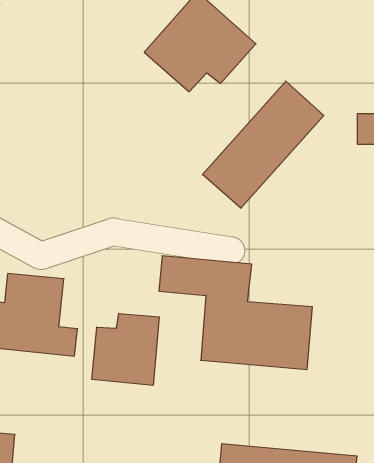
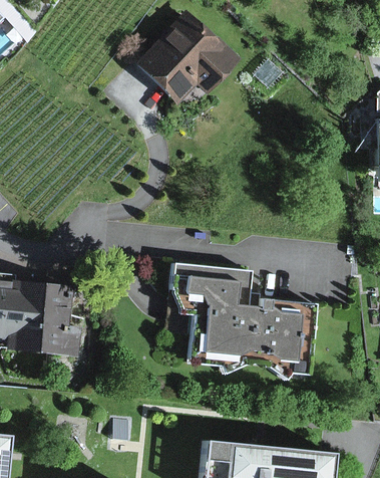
building: [202,81,324,208] -> none
building: [92,313,159,385] -> none

